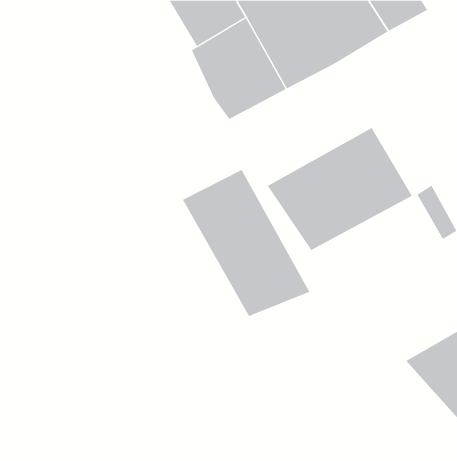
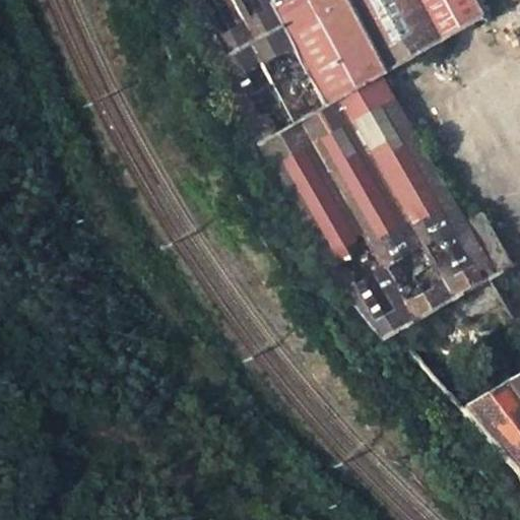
building: none -> [262,72,424,209]
building: [182,169,310,317] -> none
building: none -> [354,220,500,330]

